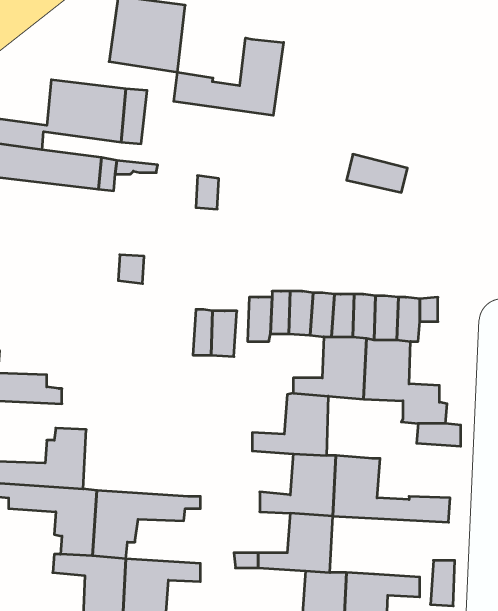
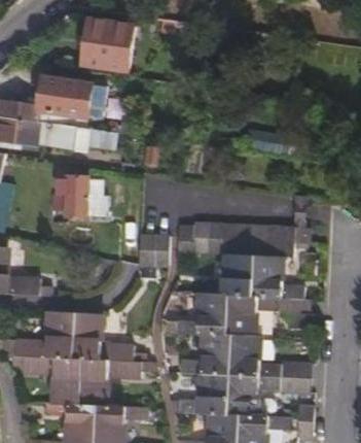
building: [174,38,284,115] -> none
building: none -> [56,176,89,217]
building: none -> [229,292,281,334]
building: none -> [65,314,136,360]
building: none -> [231,373,312,412]

